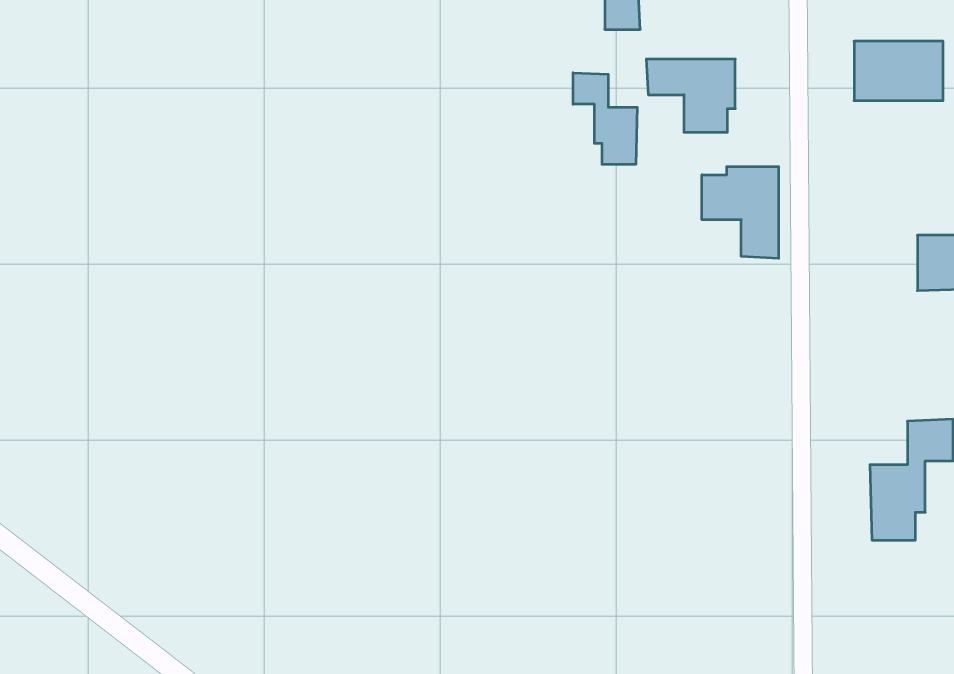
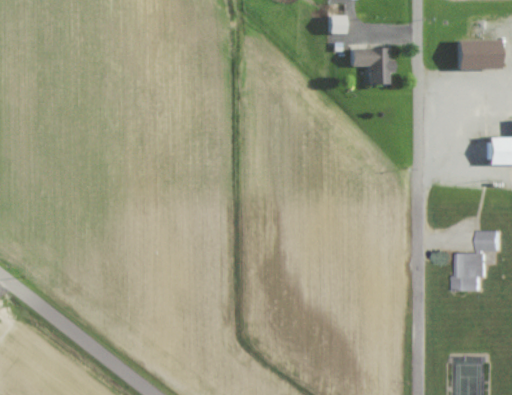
building: [573,73,637,164] -> none
building: [702,167,779,258] -> none

